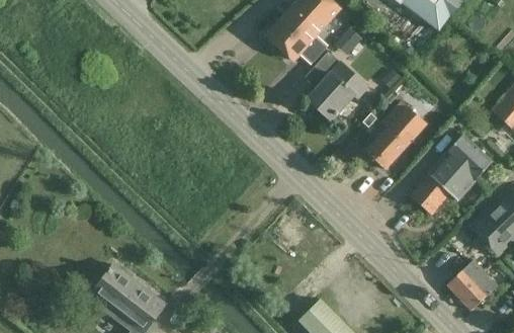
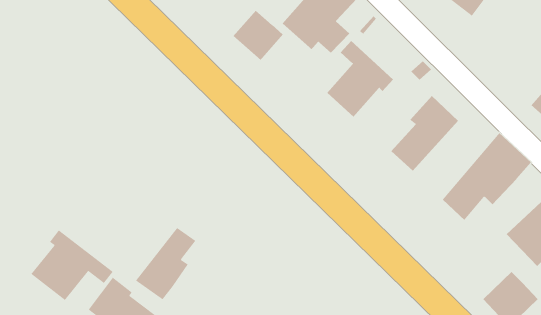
building: none -> [233,10,284,61]
building: none -> [135,227,196,300]
building: none -> [31,230,114,301]

